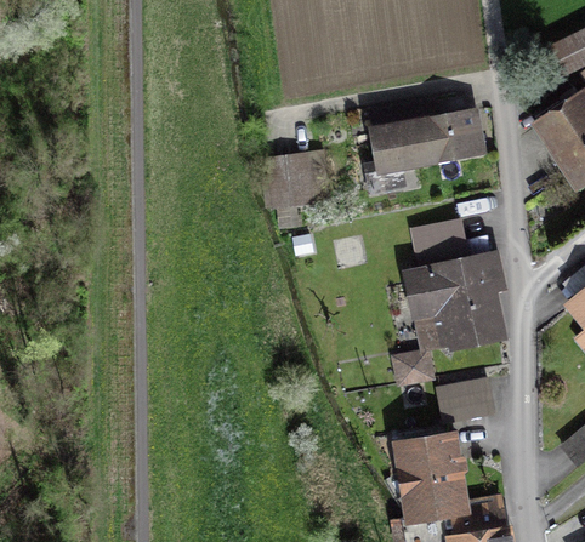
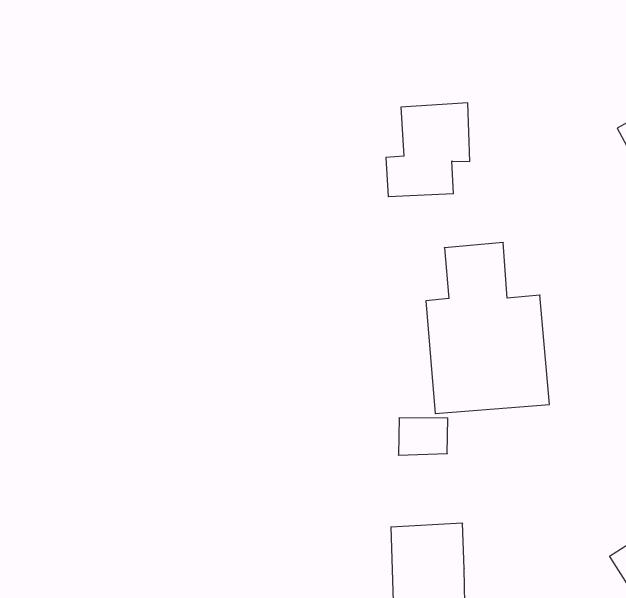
building: [421,108,479,160] -> none
building: [267,155,316,228] -> none
building: [437,377,489,416] -> none

